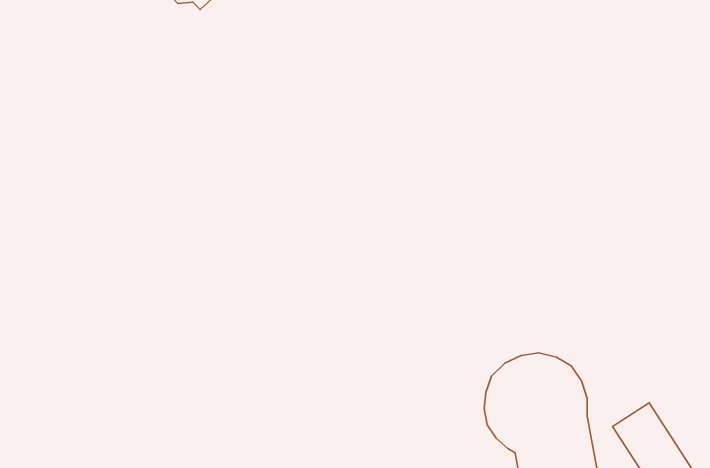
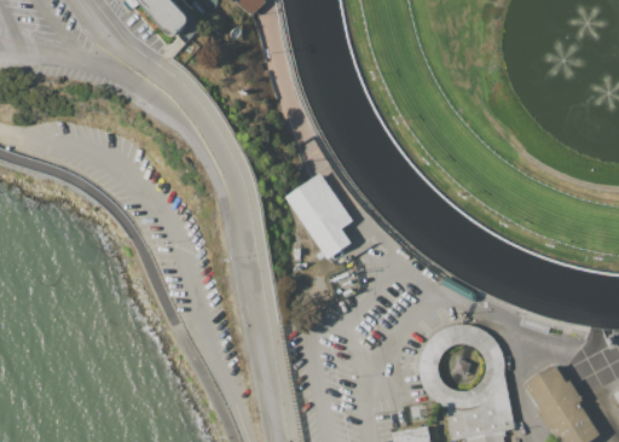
building: none -> [284,173,352,260]

